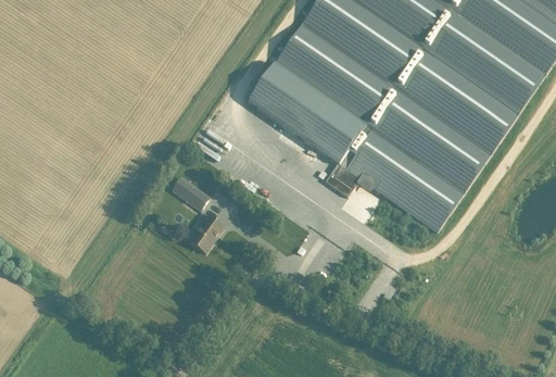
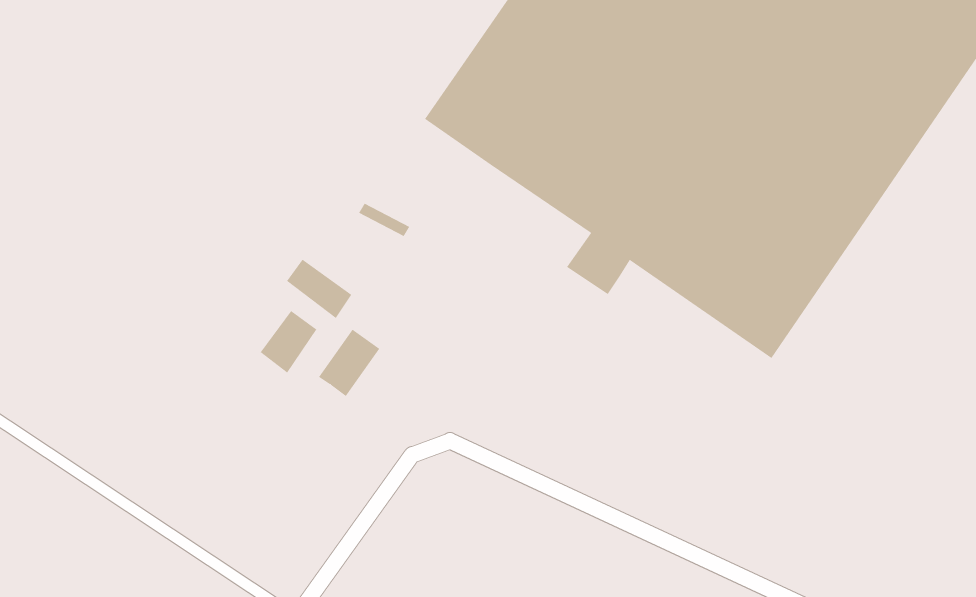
building: none -> [260,310,317,374]

